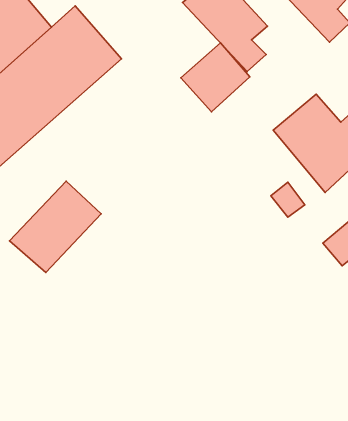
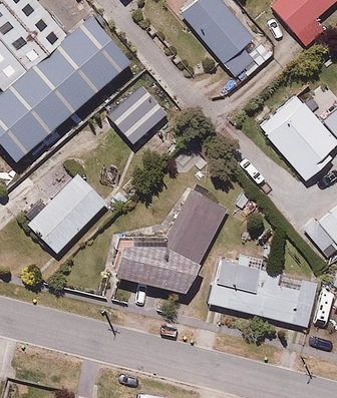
building: [181,43,250,112] -> [105,85,166,146]
building: none -> [108,189,227,294]
building: none -> [209,255,321,331]

